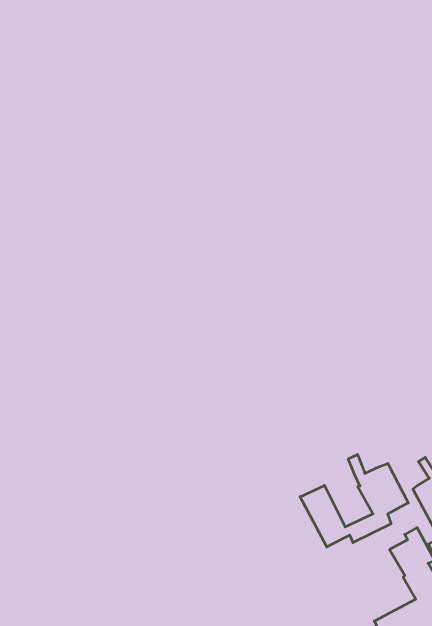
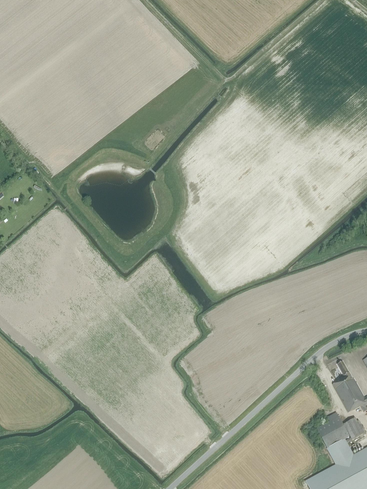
building: [300,454,408,547] -> none

